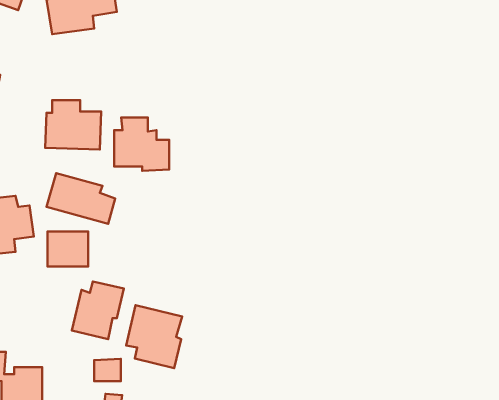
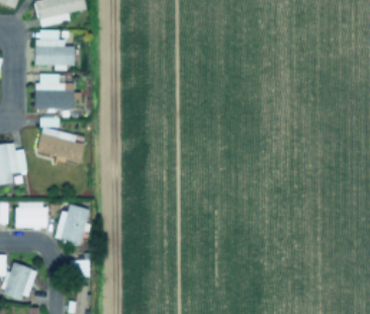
building: [114,117,169,171] -> [34,30,74,69]
building: [47,231,88,266] -> [16,203,45,228]
building: [126,305,182,368] -> none

